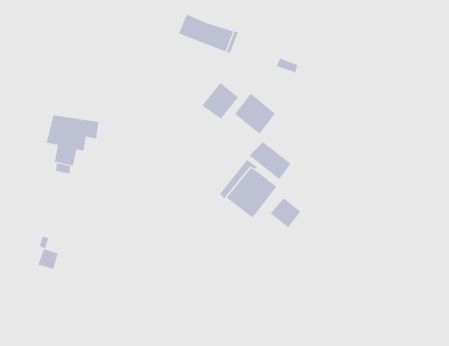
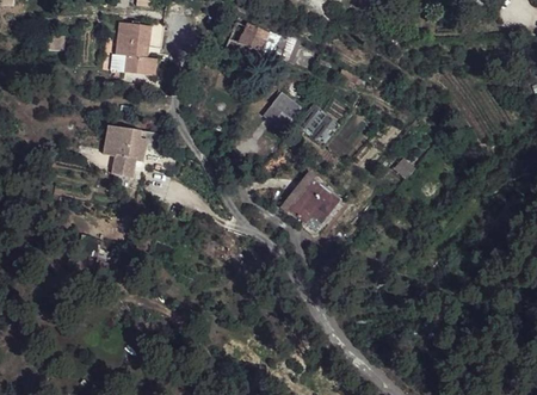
building: none -> [115,20,156,74]
building: [249,141,291,180] -> none
building: [270,197,301,228] -> none

